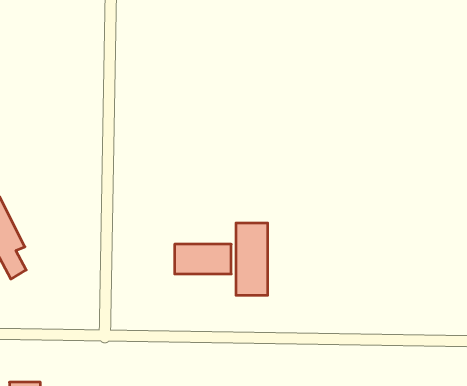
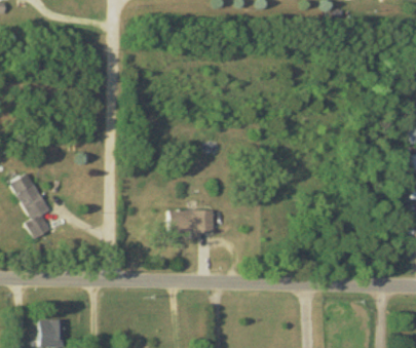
building: [236,223,268,295] -> none

